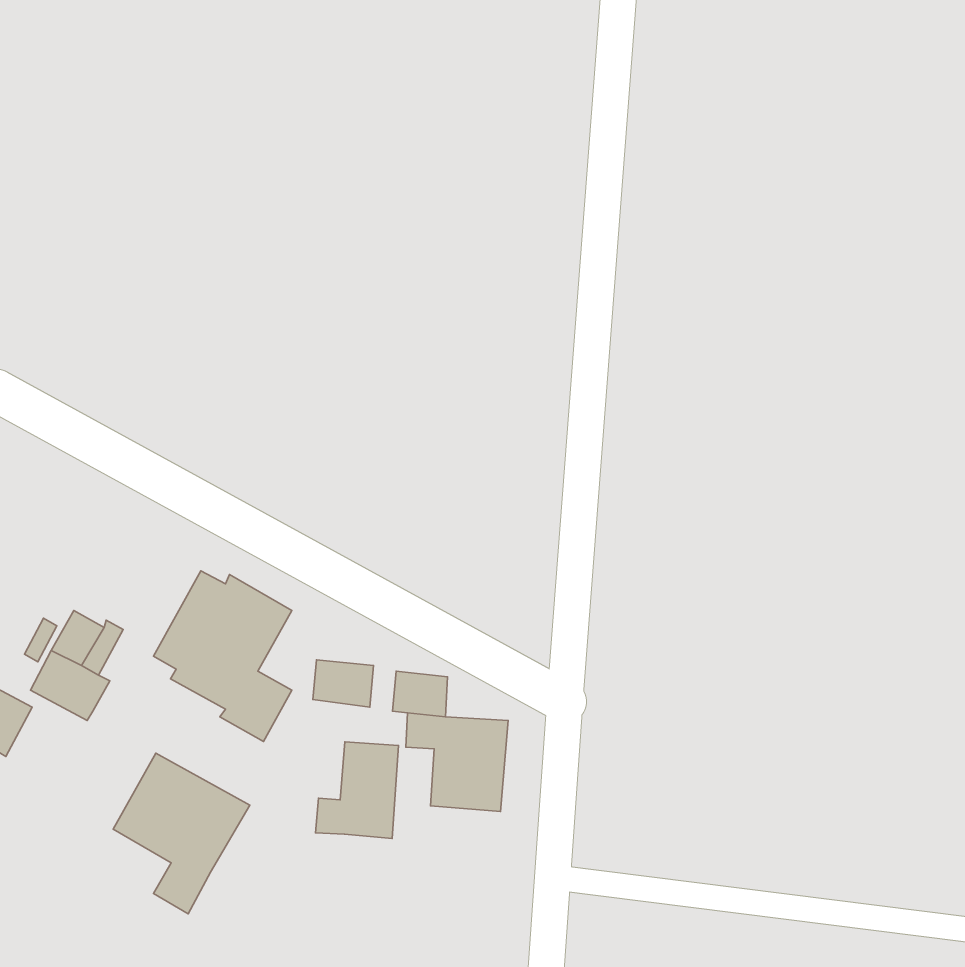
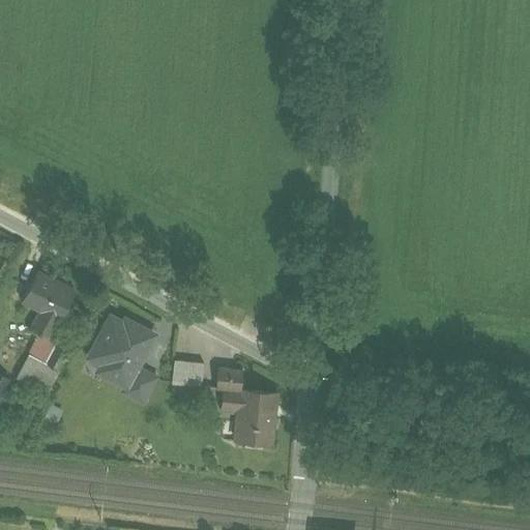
building: none -> [23,272,77,337]
building: [315,742,399,839] -> none
building: [113,753,250,914] -> none

